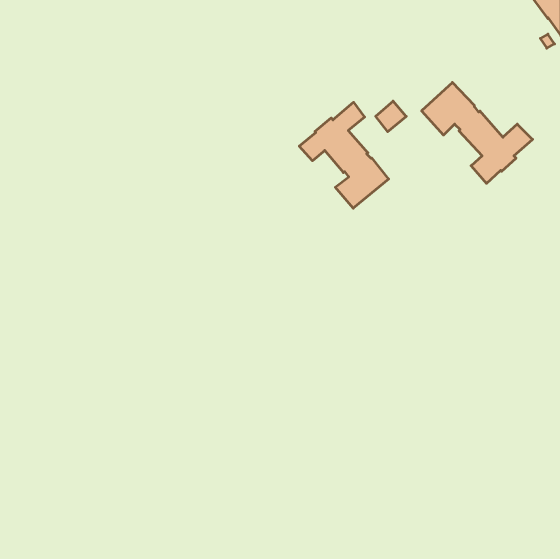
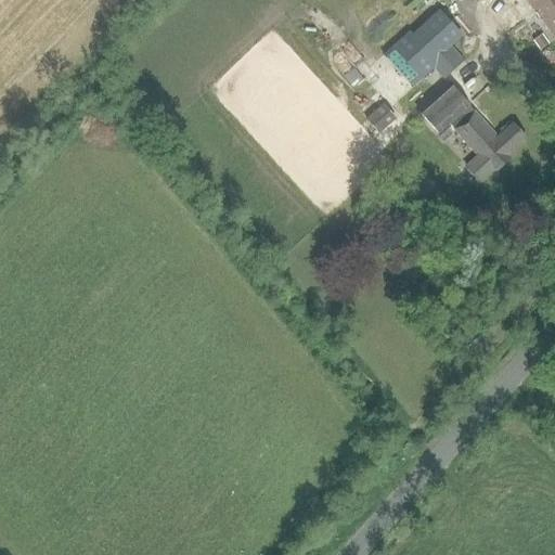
building: none -> [395,14,463,77]
building: [299,102,389,208] -> none

